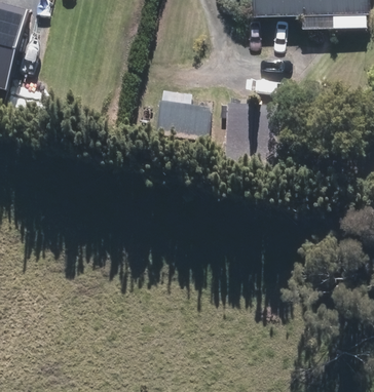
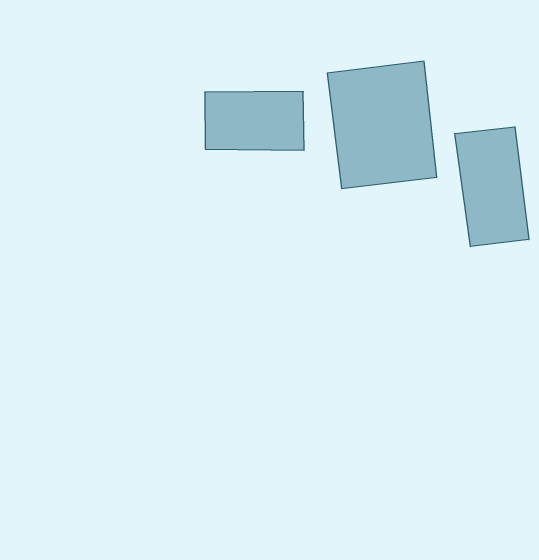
building: none -> [455,127,529,247]

